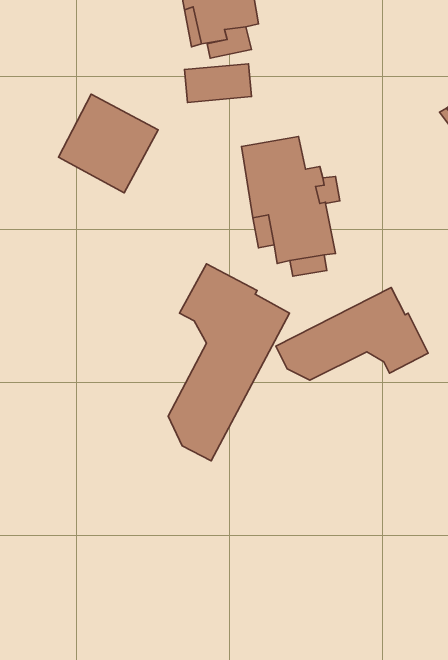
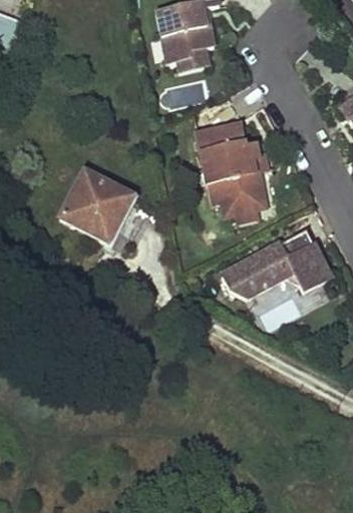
building: [59,94,158,193] -> [63,170,133,239]
building: [168,264,290,461] -> none

